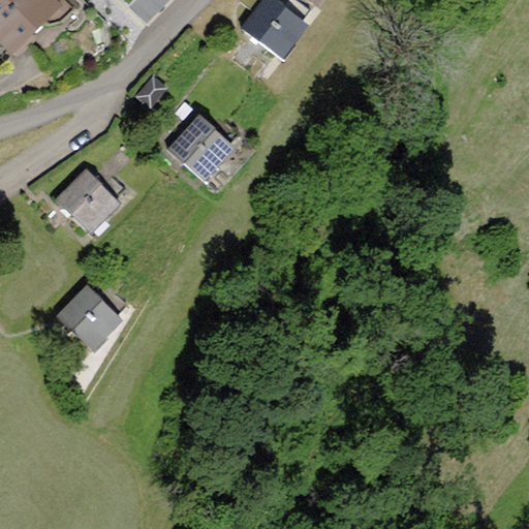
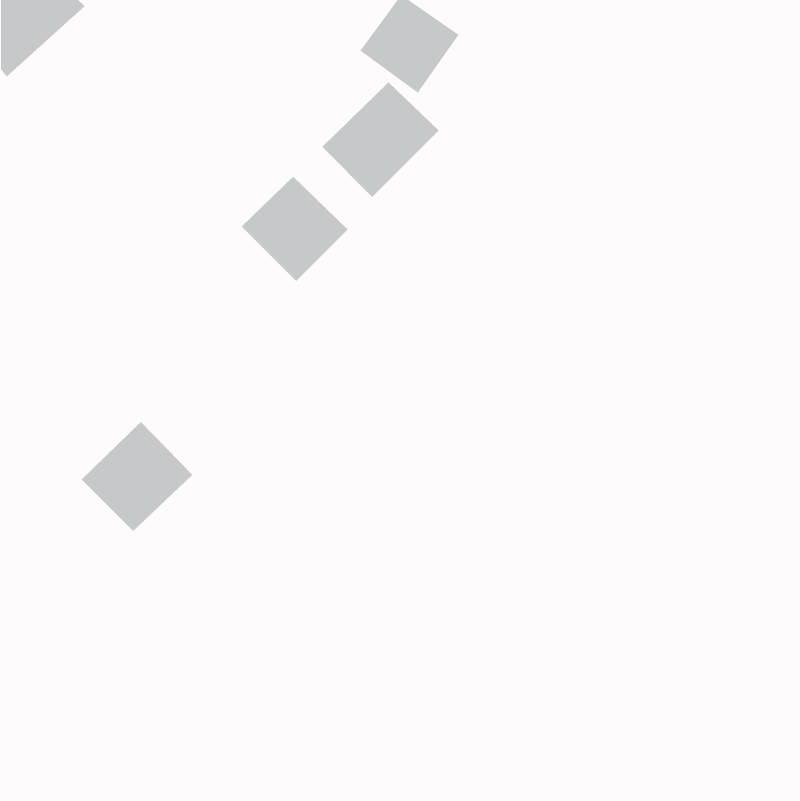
building: none -> [321,81,440,198]
building: [56,170,121,235] -> none

